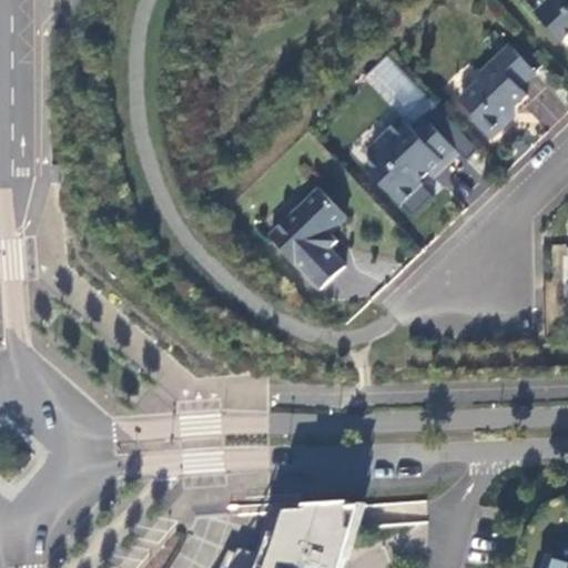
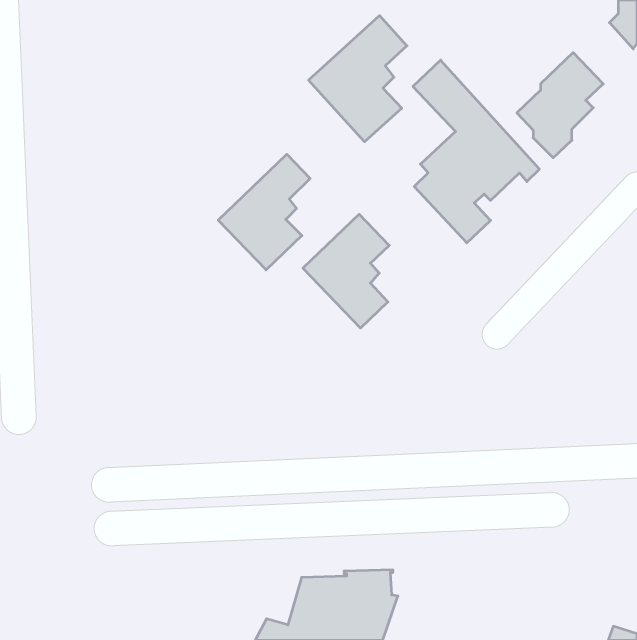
building: none -> [309,16,407,142]
building: none -> [218,154,310,270]

